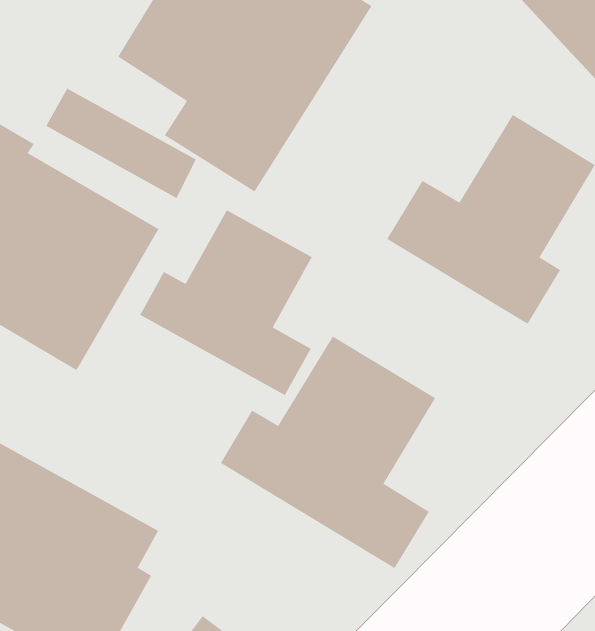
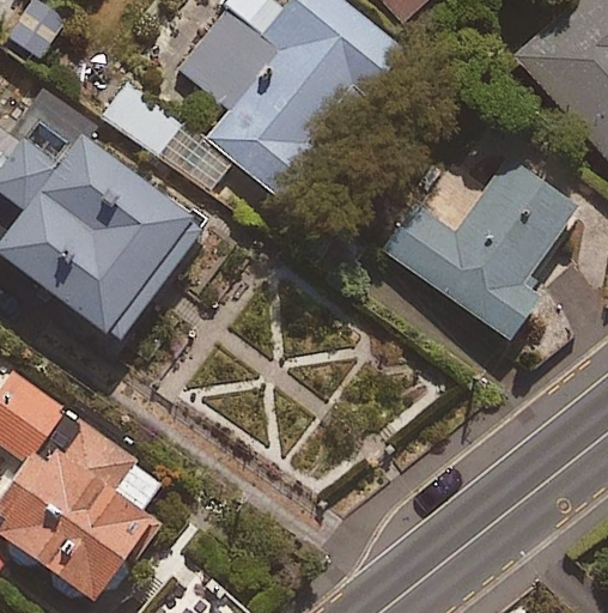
building: [139,209,313,396] -> none
building: [220,336,436,569] -> none

